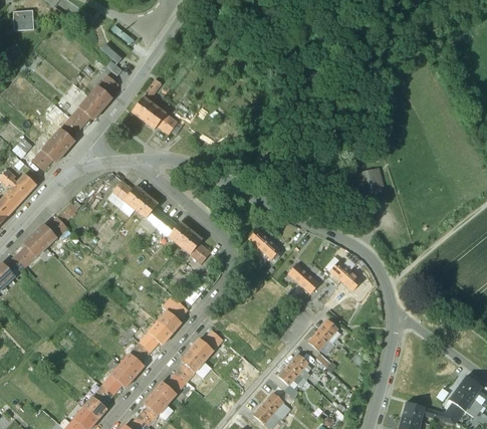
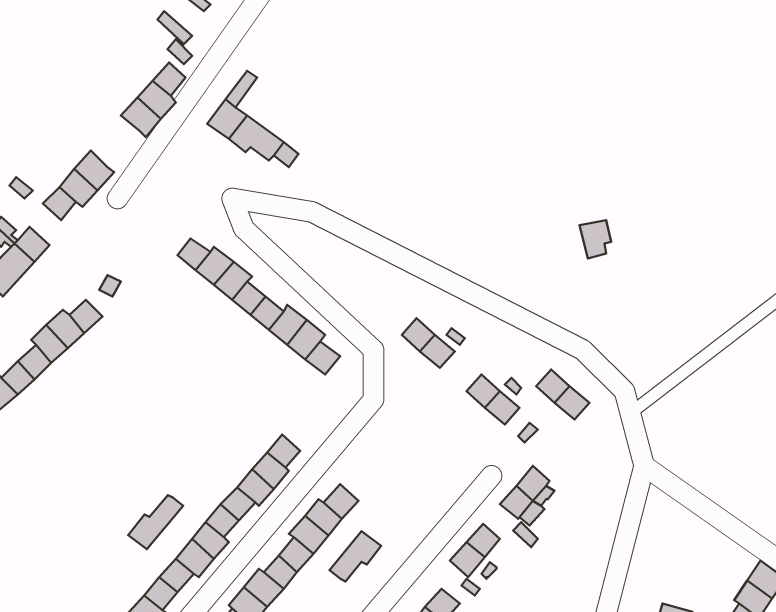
building: [60,106,89,138] -> none
building: none -> [128,495,183,549]
building: none -> [330,531,381,581]

